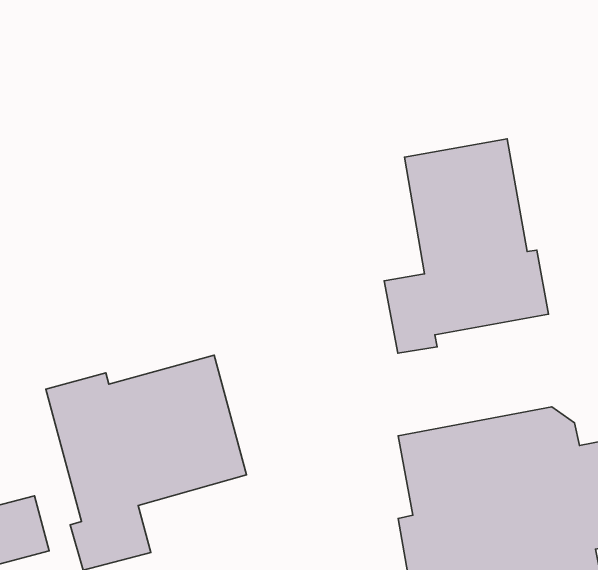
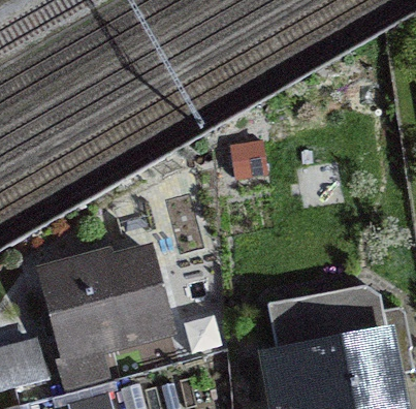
building: [384,139,549,353] -> none

